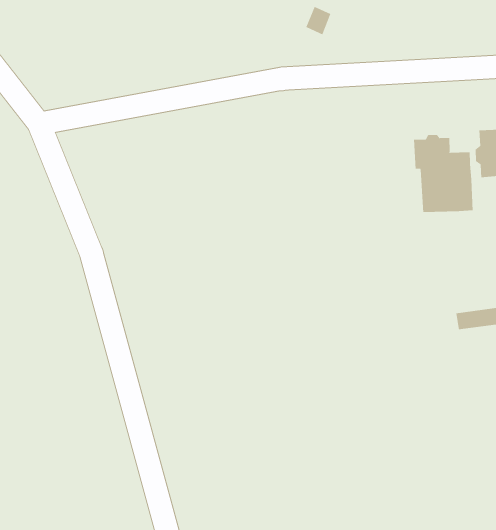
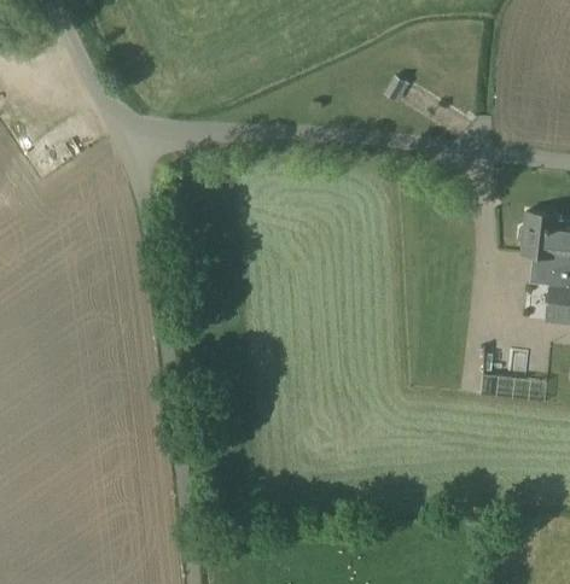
building: [414,134,473,213] -> none

